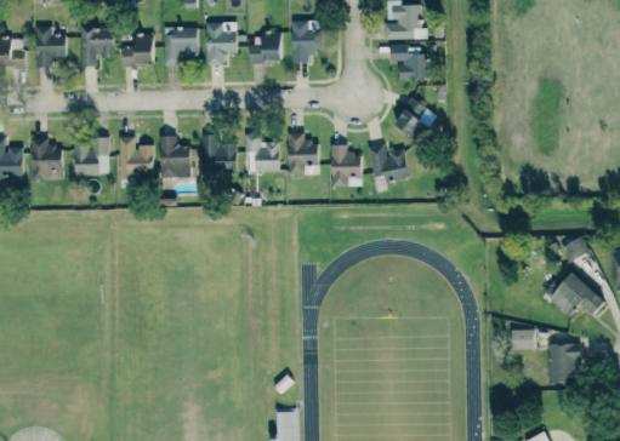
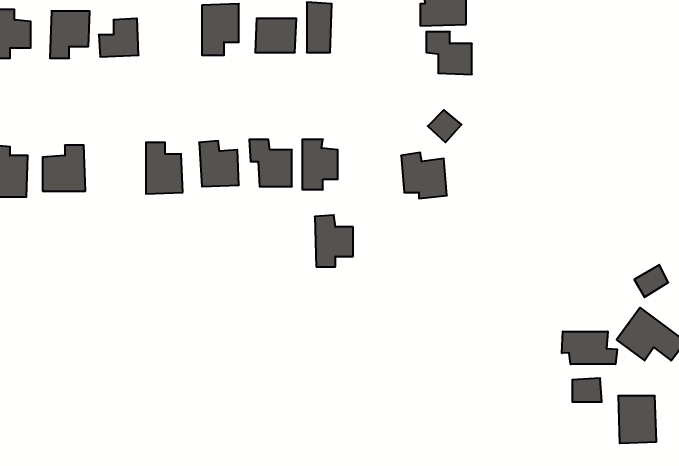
building: [164,27,198,63] -> none
building: [120,137,154,183] -> none
building: [331,144,363,187] -> [315,215,353,267]
building: none -> [562,331,617,364]

